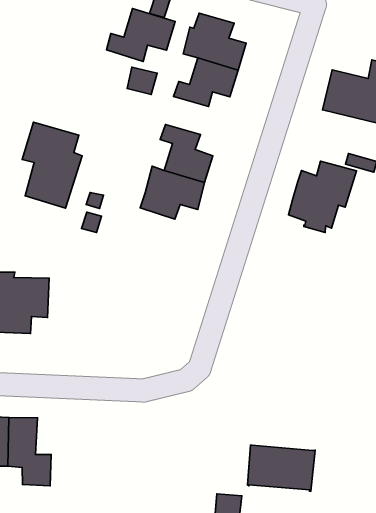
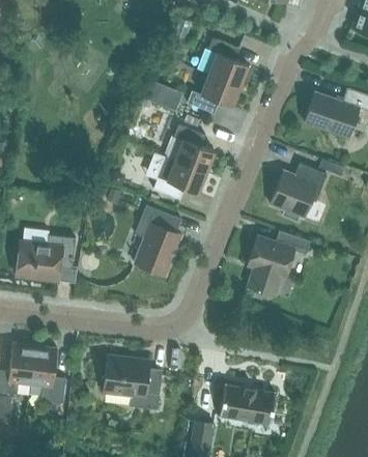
building: [107,8,175,62] -> none
building: [22,122,82,208] -> [135,205,182,276]
building: none -> [248,231,311,295]
building: none -> [103,354,163,409]

